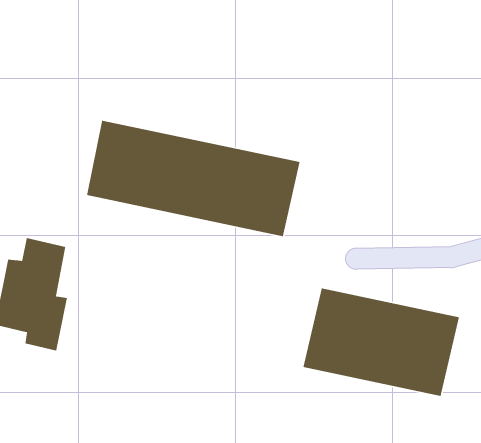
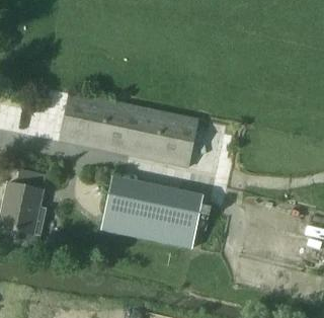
building: [303,287,460,397] -> [100,177,204,249]

